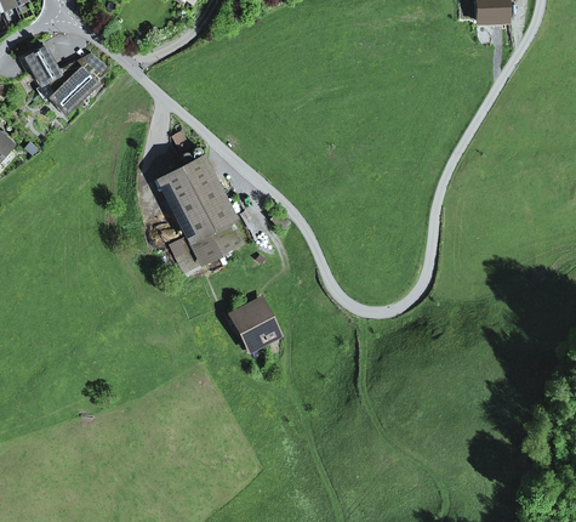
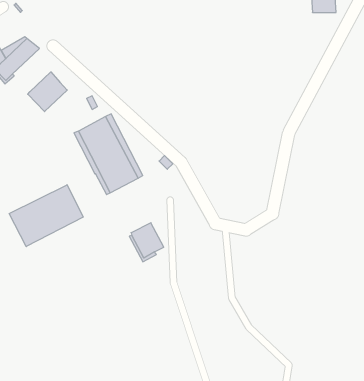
building: none -> [28,72,67,112]
building: [169,234,201,272] -> none
building: none -> [9,185,83,247]

